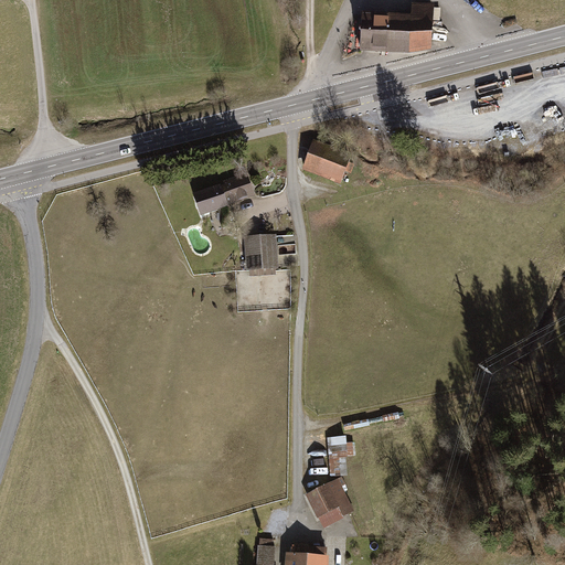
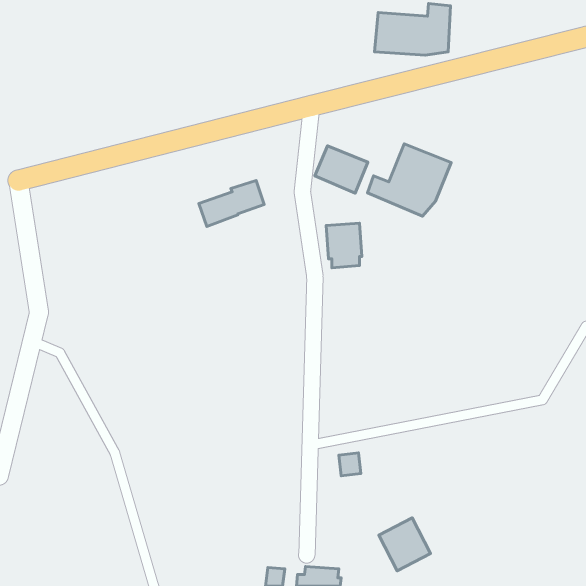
building: none -> [368,144,451,216]
building: [244,234,278,277] -> [326,223,362,268]
building: [305,478,354,529] -> [379,518,431,571]

